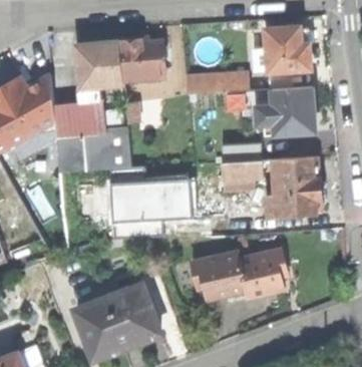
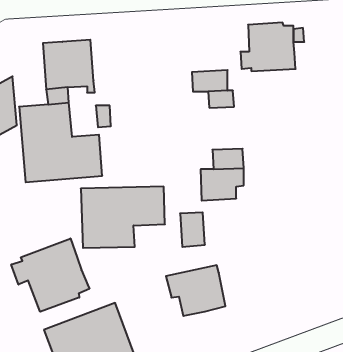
building: [120,35,163,79] -> none
building: [257,85,313,132] -> none
building: [265,156,321,214] -> none
building: none -> [11,238,89,312]
building: [240,249,286,294] -> none

